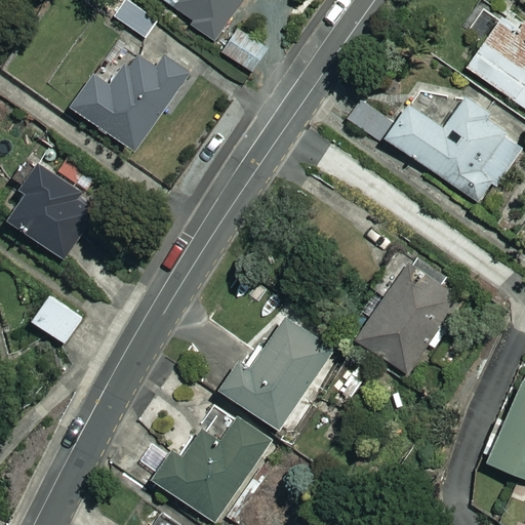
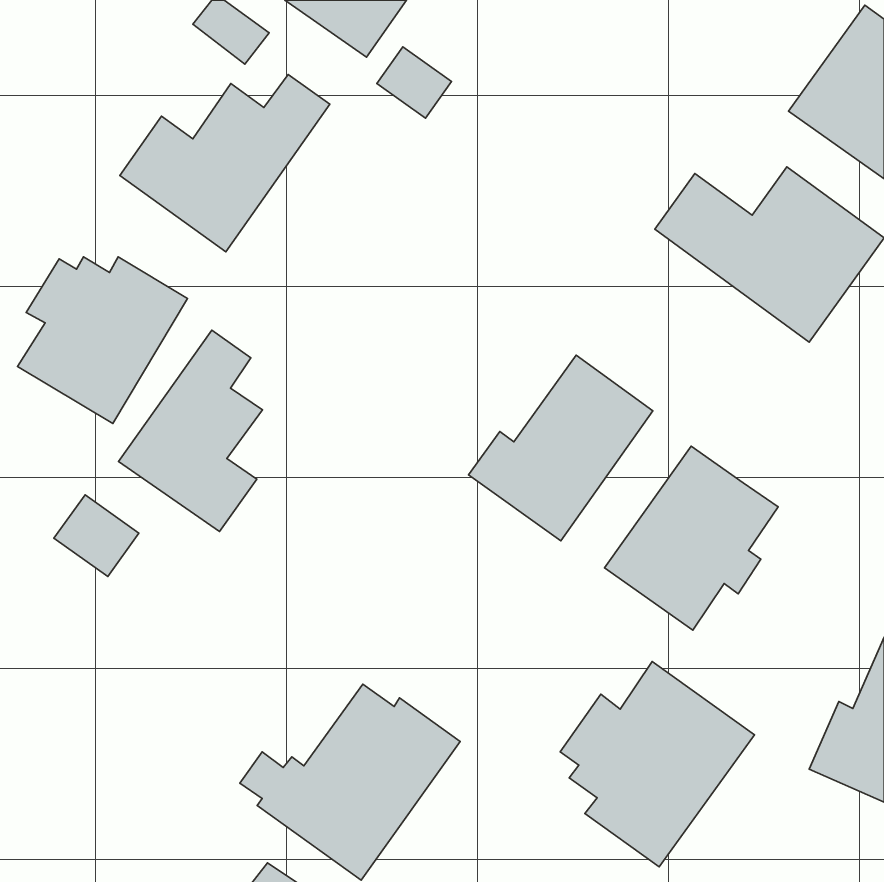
building: none -> [119,330,262,532]
building: [223,319,331,429] -> [469,355,653,541]
building: none -> [560,662,754,867]

